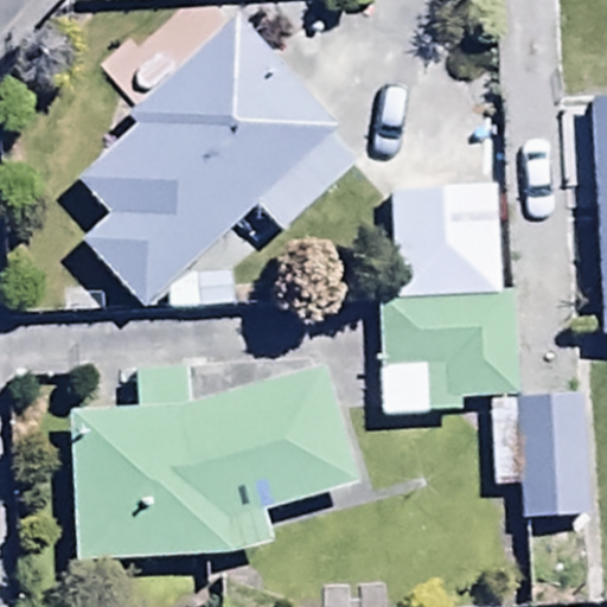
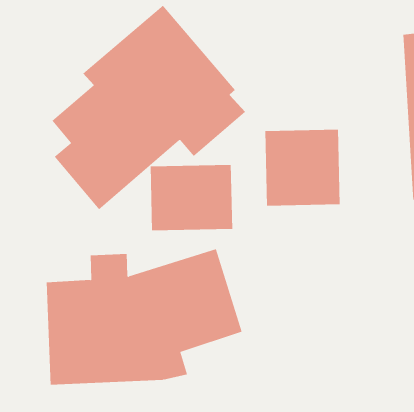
building: none -> [150,164,233,231]
building: [381,295,584,515] -> none

